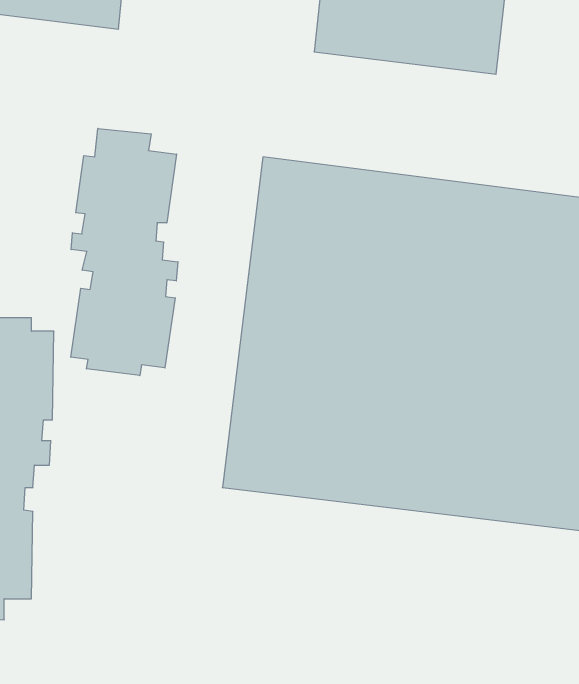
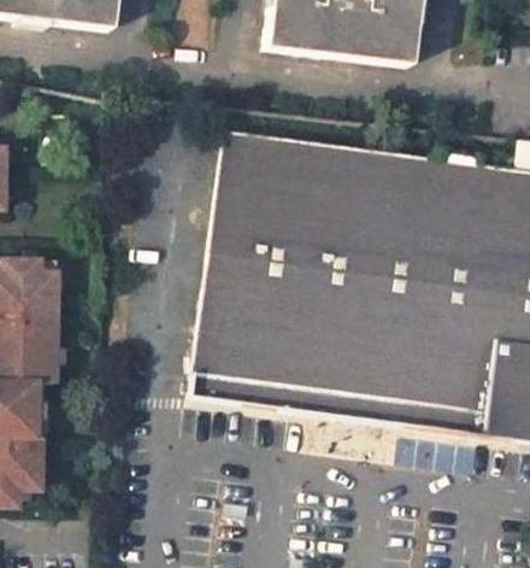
building: [71,128,178,376] -> none

